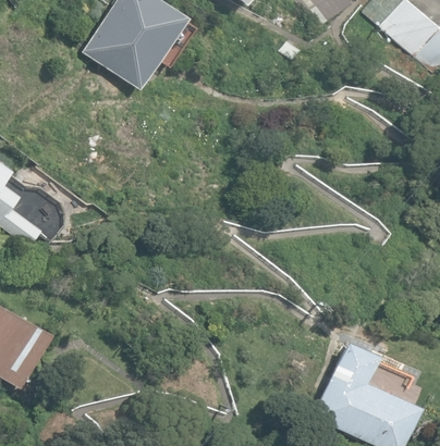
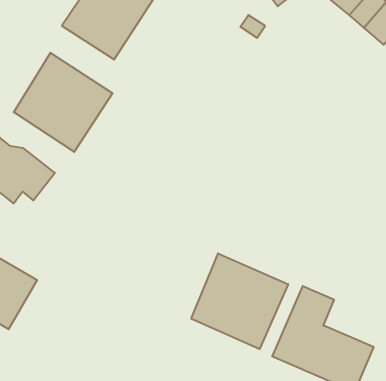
building: none -> [14,53,112,152]
building: none -> [191,253,288,349]

